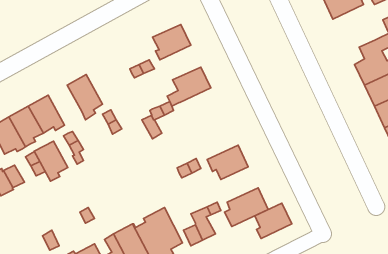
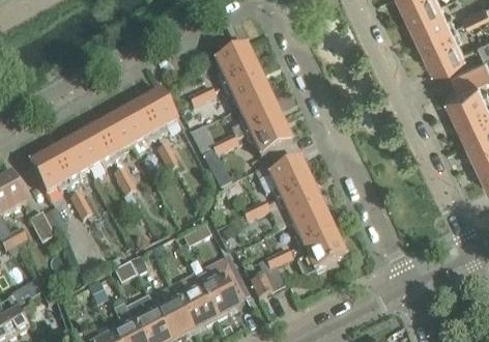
building: none -> [420,25,463,65]
building: none -> [223,72,269,111]
building: none -> [139,92,177,139]
building: none -> [246,120,292,160]
building: none -> [254,162,312,202]
building: [34,141,68,181] -> [95,117,134,163]
building: [255,203,292,238] -> [292,210,335,251]

